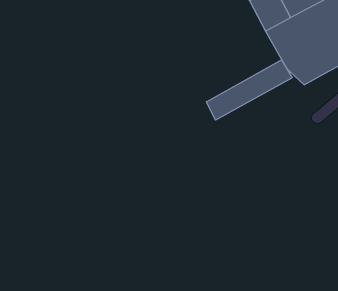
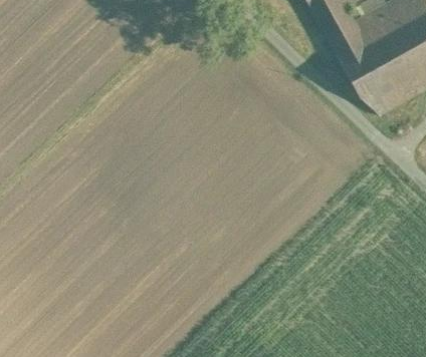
building: [206,60,292,120] -> none

